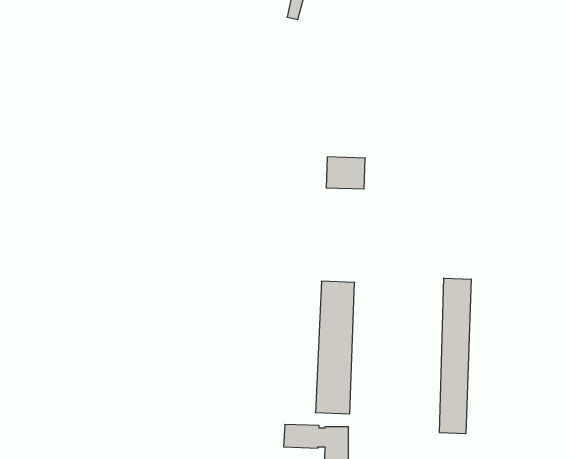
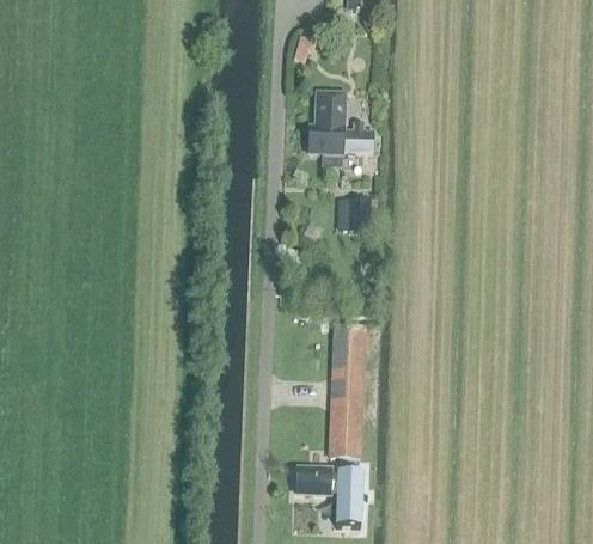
building: none -> [308,90,372,164]
building: [439,278,471,434] -> none

